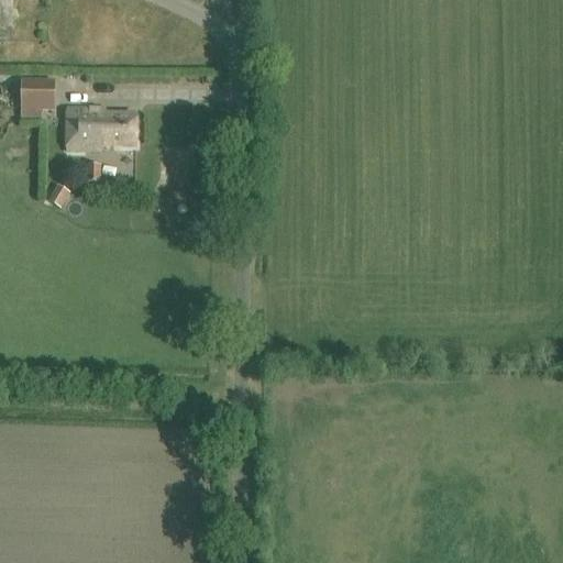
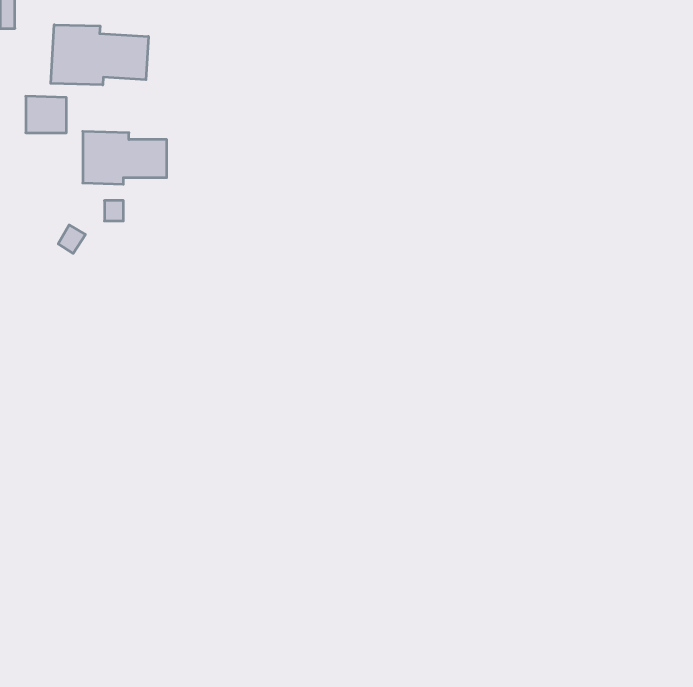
building: none -> [51,25,148,85]

